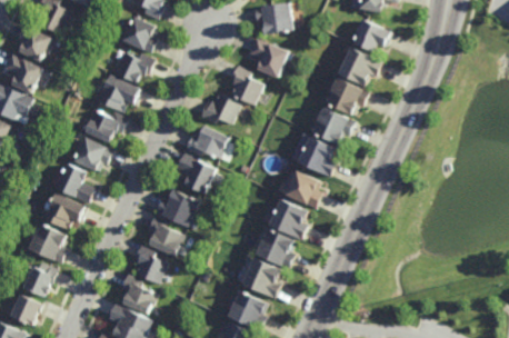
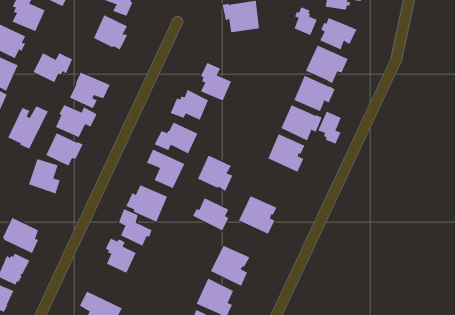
building: none -> [294,6,317,36]
building: [250,38,290,79] -> none
building: [113,52,154,83] -> [33,53,73,83]
building: none -> [8,105,49,150]
building: none -> [318,111,341,145]
building: [288,173,325,211] -> [197,155,233,192]
building: [43,195,86,231] -> none
building: [257,231,295,266] -> [192,197,229,231]
building: [119,272,157,312] -> none

